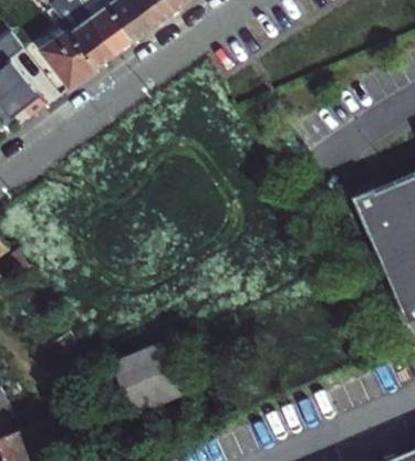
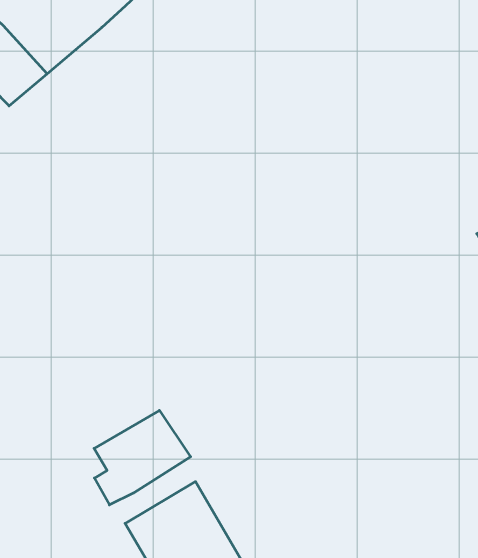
building: none -> [94,410,191,505]

